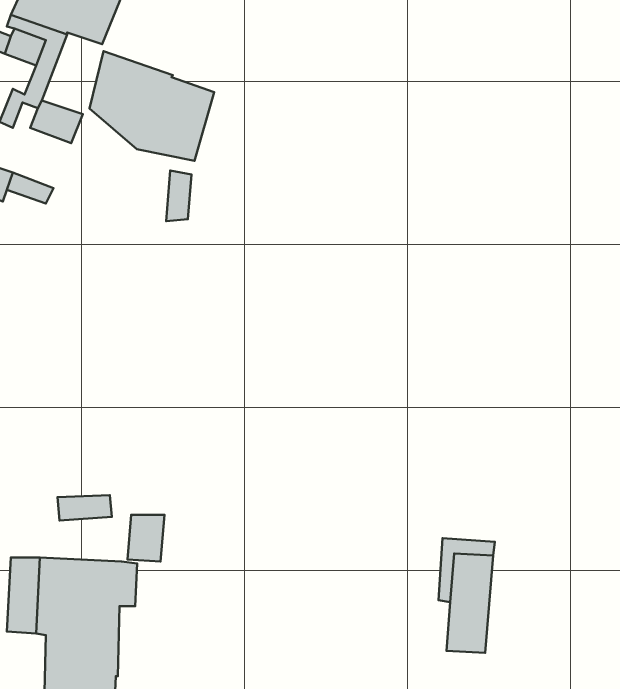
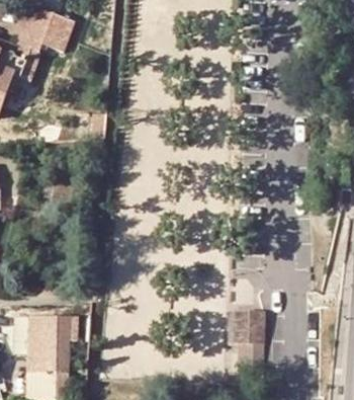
building: [89,51,214,161] -> none

